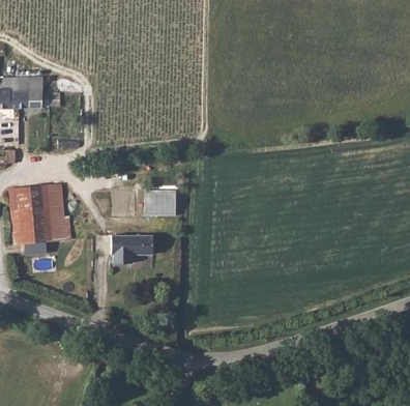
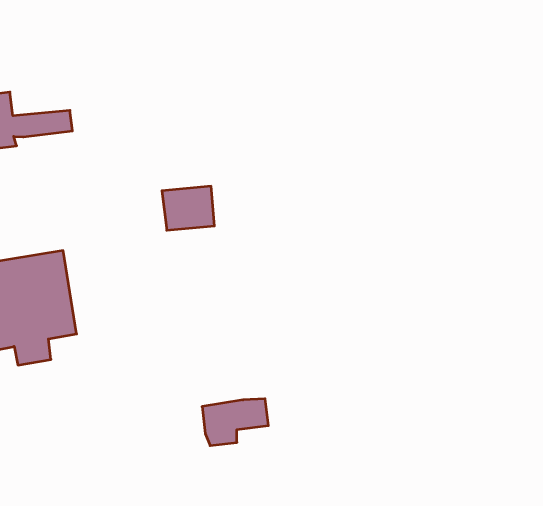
building: [145,188,177,215] -> [162,186,214,230]
building: [110,235,151,262] -> [202,399,268,446]

